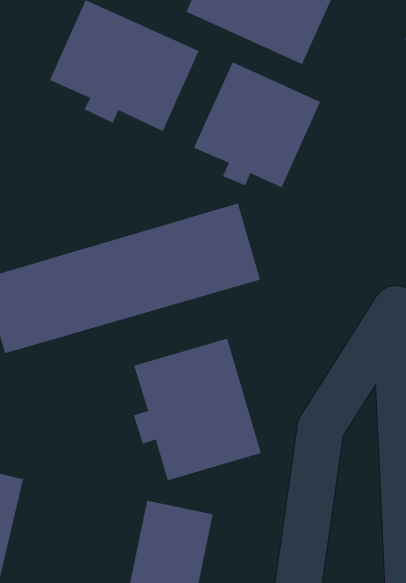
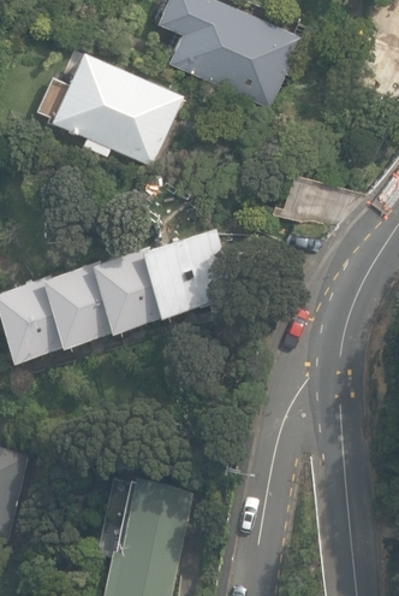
building: [193,62,321,188] -> none
building: [133,338,261,481] -> none

